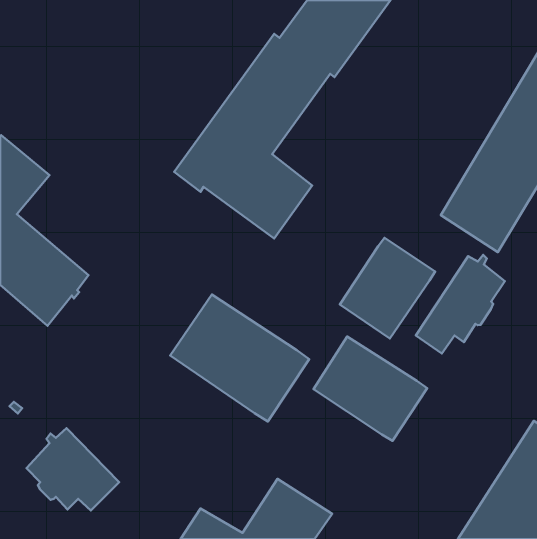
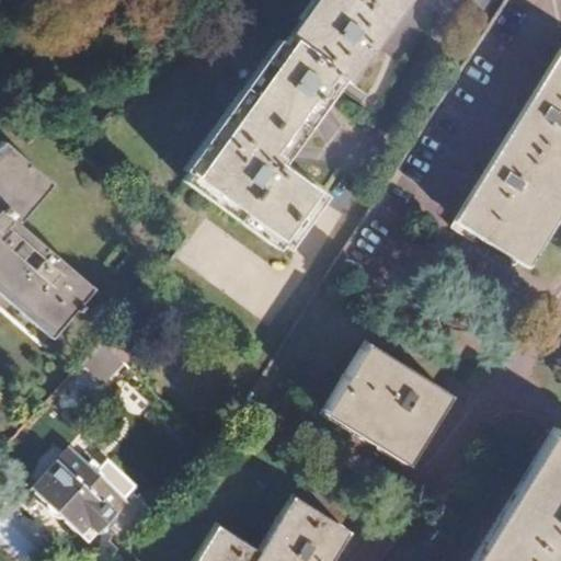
building: [340,238,435,338] -> none
building: [416,255,505,353] -> none
building: [170,294,309,422] -> none

